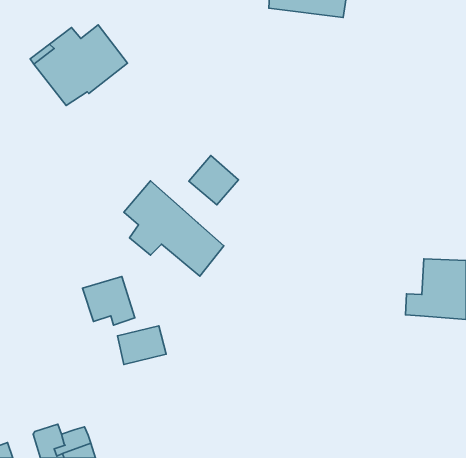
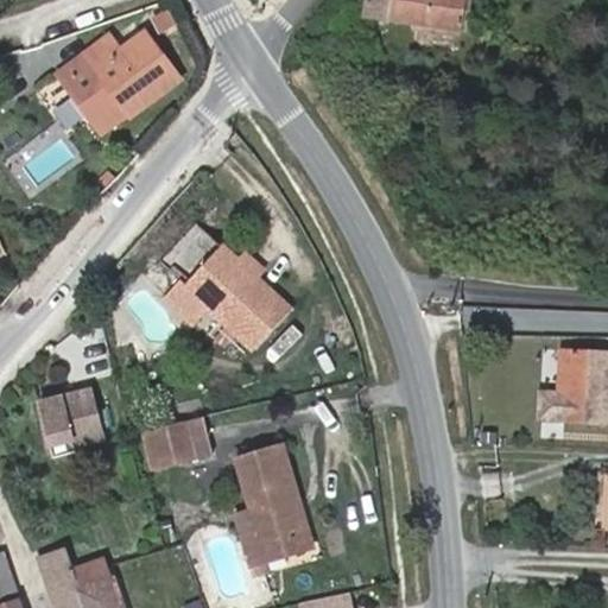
building: [189,156,238,205] -> none
building: [82,276,135,325] -> [42,385,109,448]
building: none -> [240,452,310,581]

